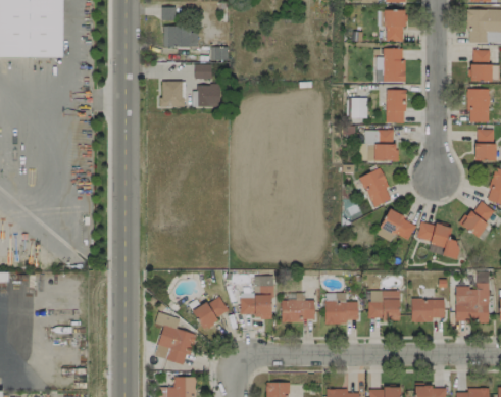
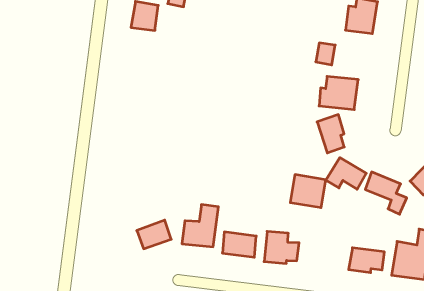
building: [198,85,220,107] -> none
building: [387,90,406,123] -> none
building: [367,290,400,319] -> [290,175,326,208]
building: [155,312,197,364] -> none

